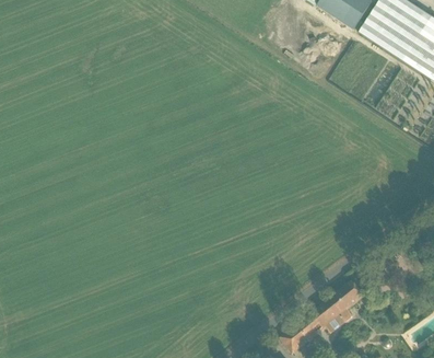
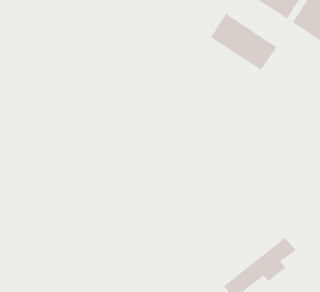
building: none -> [210,13,277,71]

